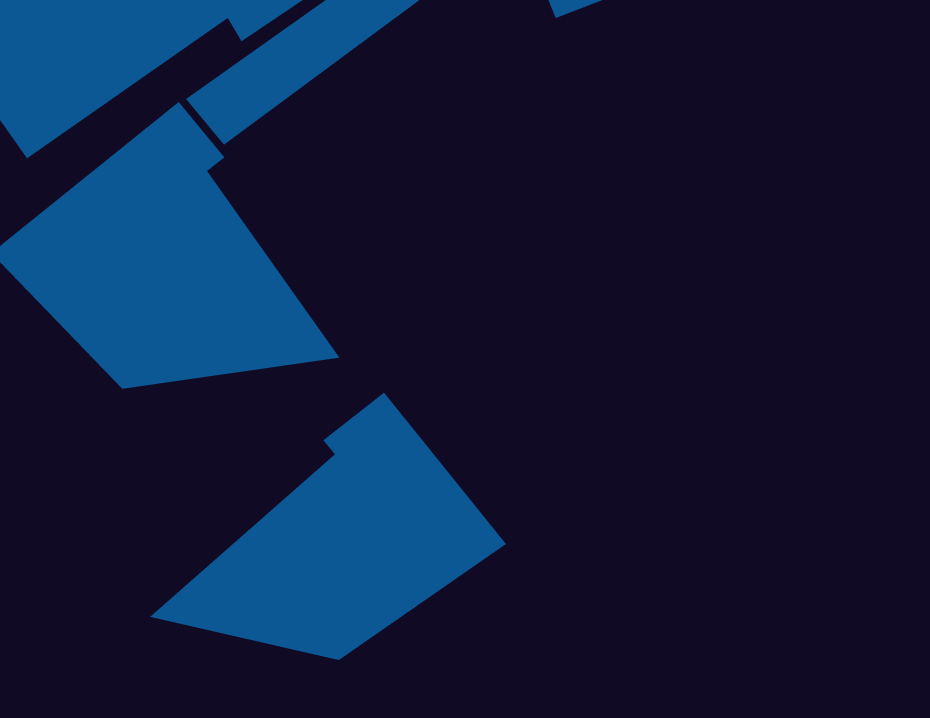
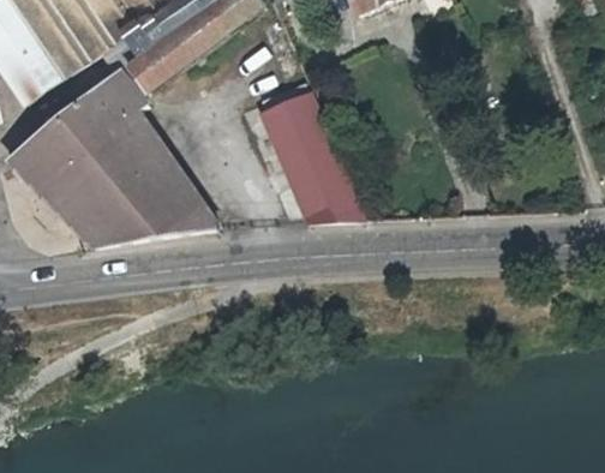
building: none -> [260,85,366,221]
building: [149,391,507,661] -> none

